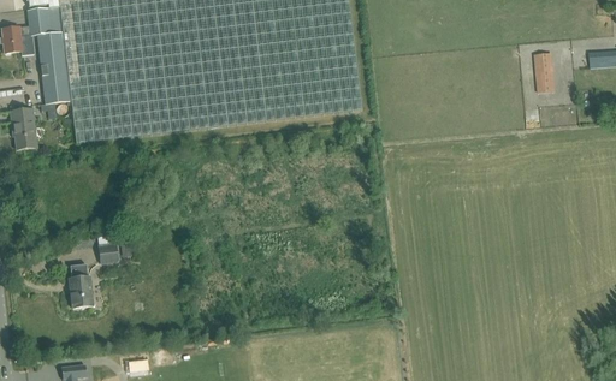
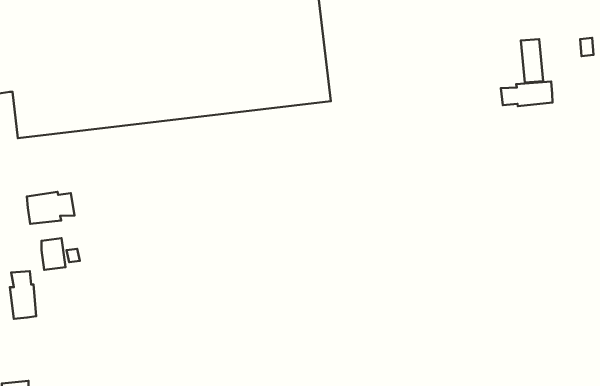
building: none -> [501,82,553,106]
building: none -> [27,192,74,224]

